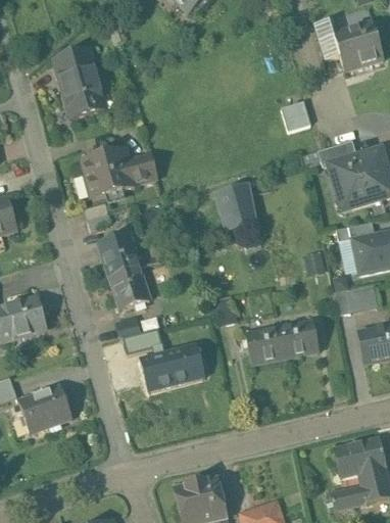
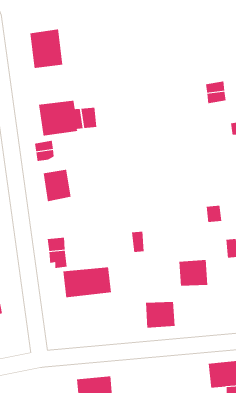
building: [54,47,94,76] -> none
building: [215,183,256,229] -> none
building: [109,267,149,310] -> none
building: [244,327,285,364] -> [145,302,175,328]

